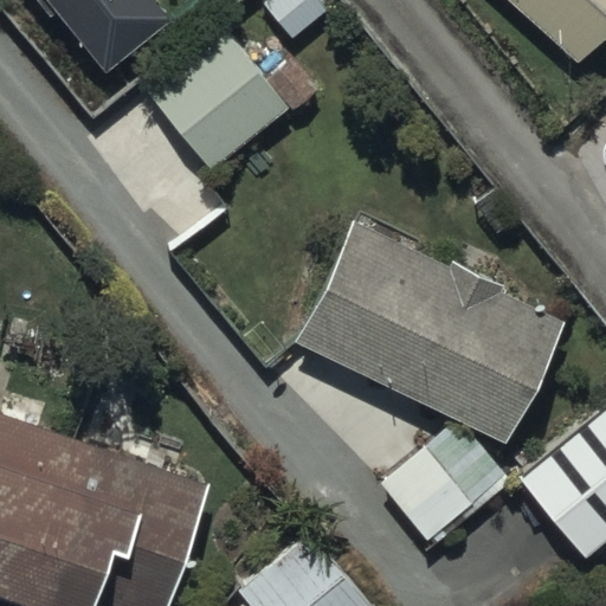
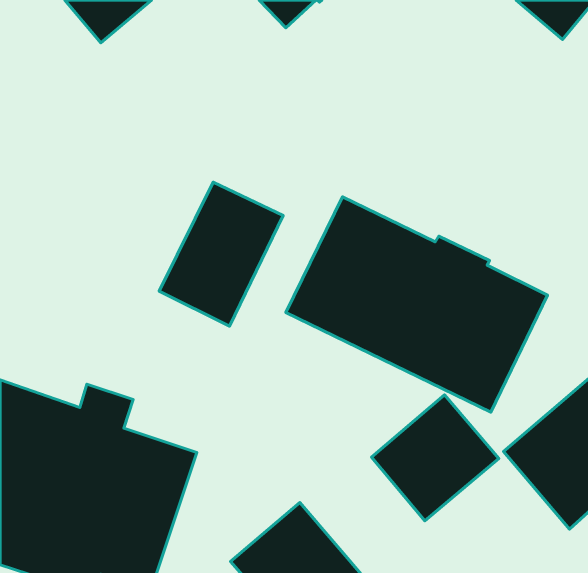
building: [148,32,323,176] -> none
building: none -> [159,182,283,326]

